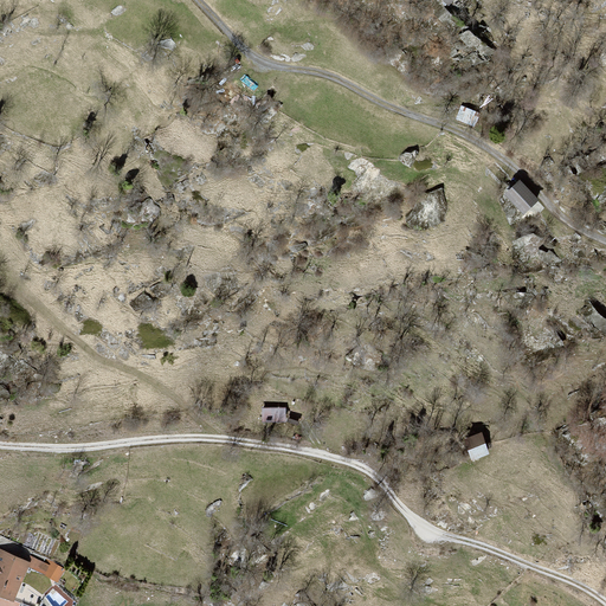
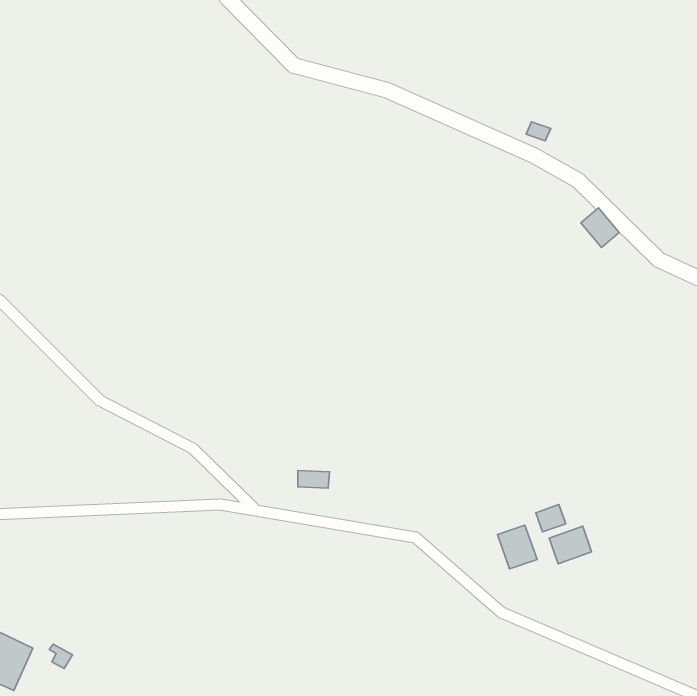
building: none -> [497,525,537,569]
building: none -> [549,526,592,564]

